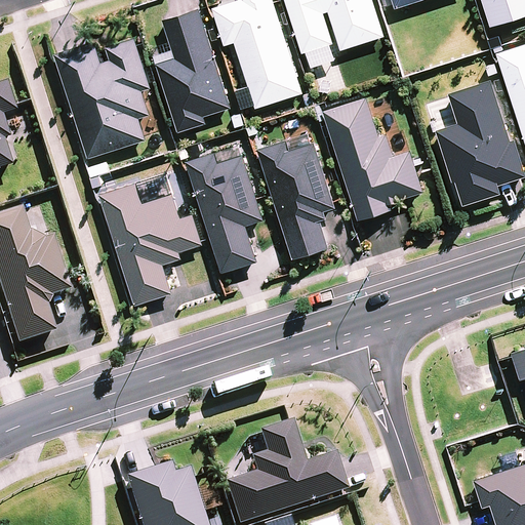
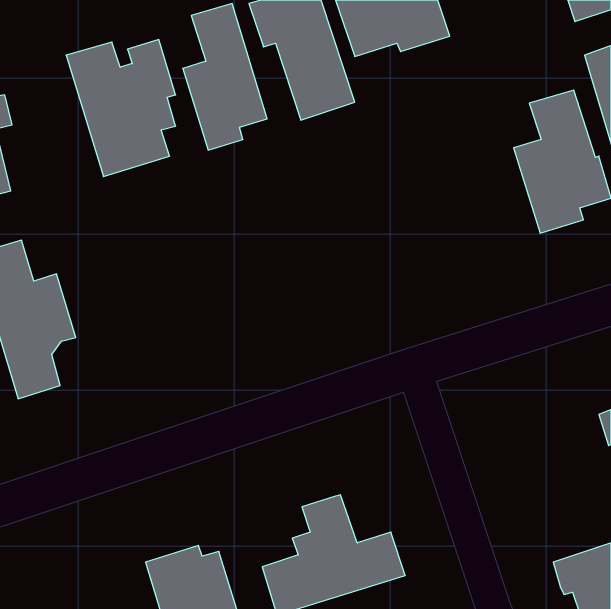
building: [326,98,421,216] -> none
building: [260,143,331,255] -> none
building: [189,151,260,270] -> none
building: [102,180,200,301] -> none

